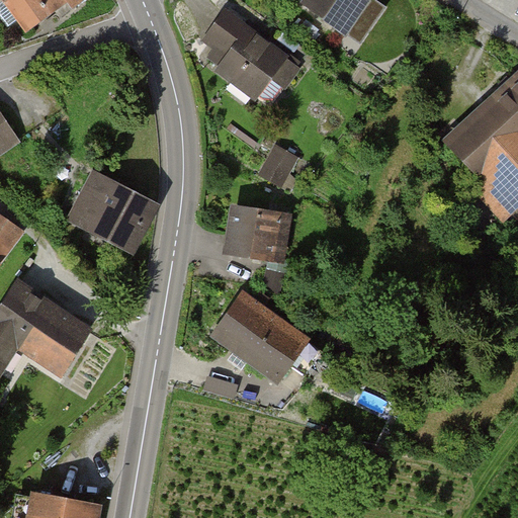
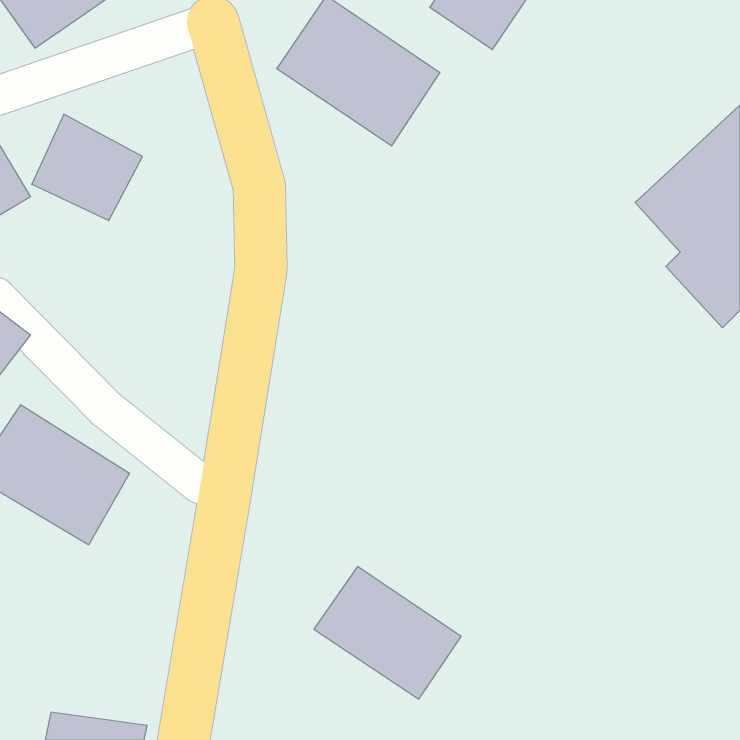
building: [256,137,298,182] -> none
building: [79,180,156,254] -> [32,114,142,220]
building: [224,200,295,262] -> none
building: [210,292,313,384] -> [314,567,461,699]

